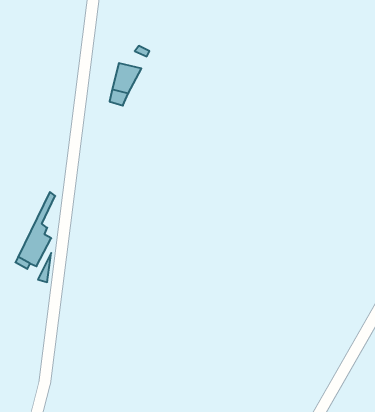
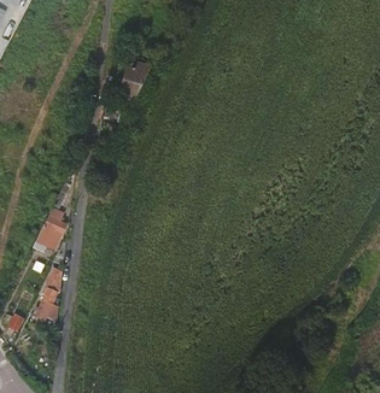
building: none -> [35,265,63,319]

